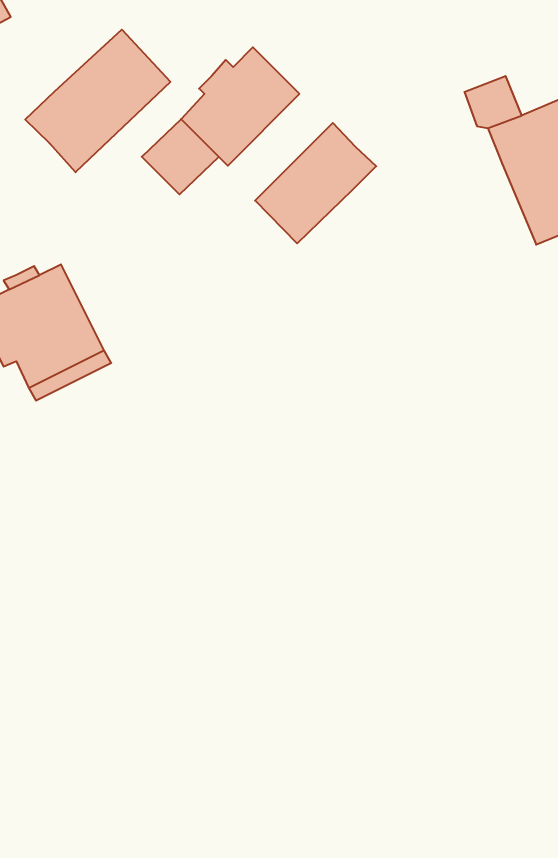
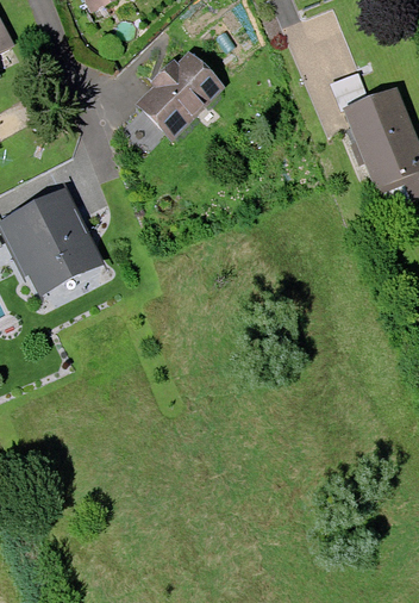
building: [25,30,170,172] -> none
building: [255,123,376,243] -> none

